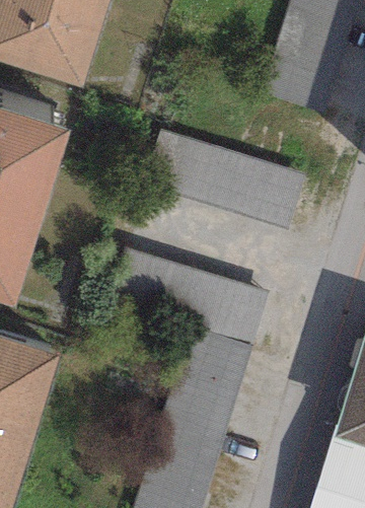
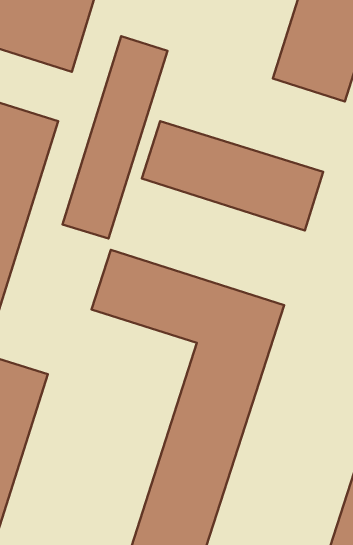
building: none -> [63,36,168,238]

